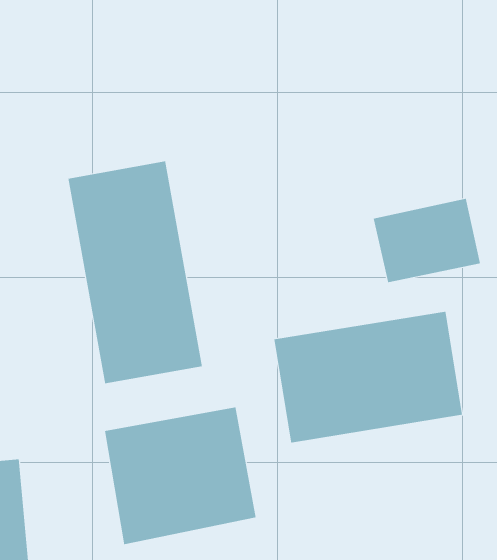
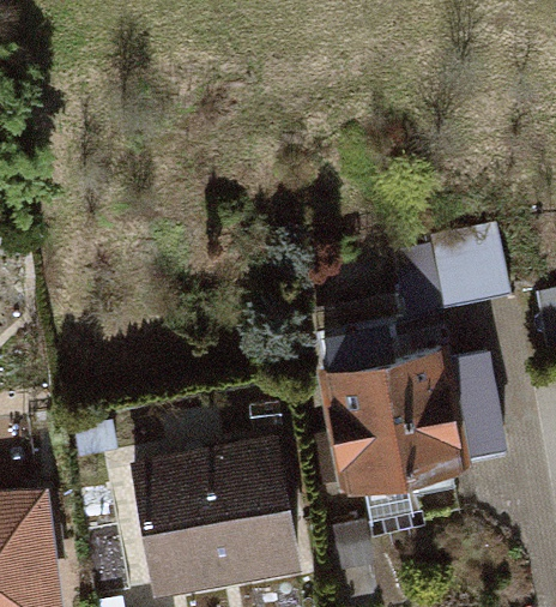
building: [68,161,203,384] -> none

